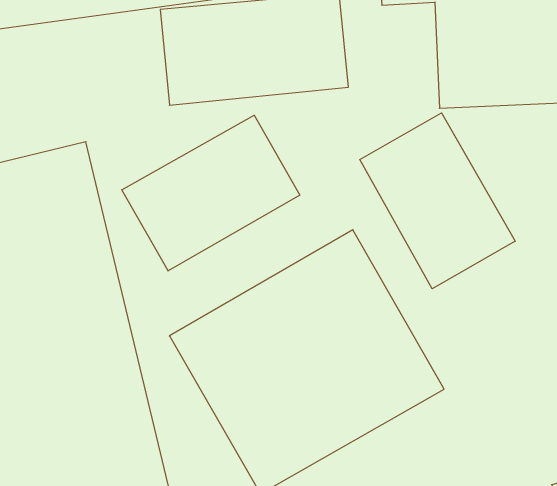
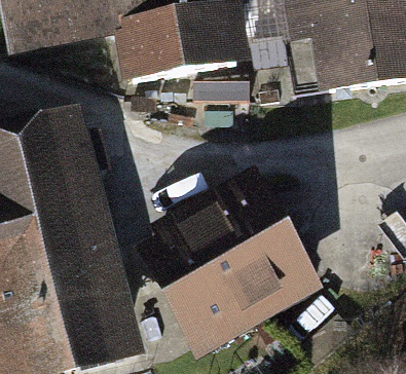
building: [360,113,515,289] -> none
building: [122,115,300,271] -> none

